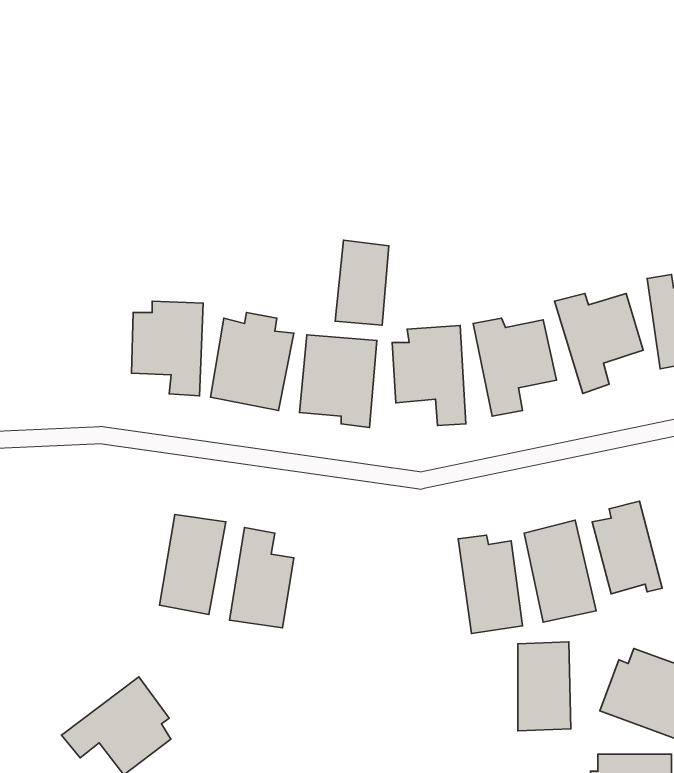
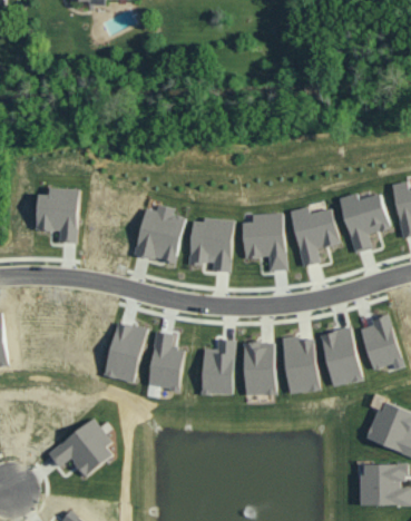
building: [335,240,389,325] -> none
building: [131,301,203,396] -> [37,187,79,243]
building: none -> [202,338,235,395]
building: [518,642,571,731] -> [244,342,275,394]

